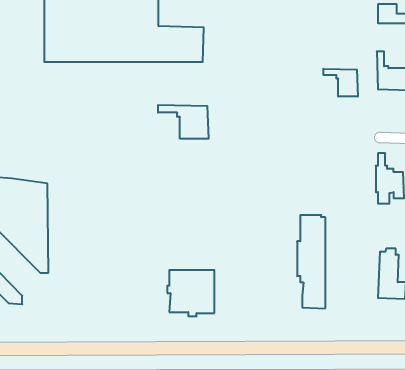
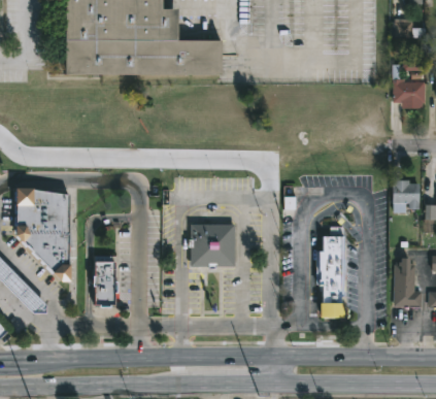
building: [323,69,358,97] -> none
building: [158,105,209,139] -> none
building: none -> [90,255,115,306]
building: [167,270,214,316] -> [187,224,233,269]

